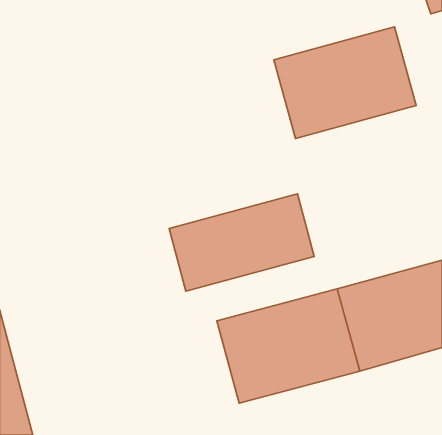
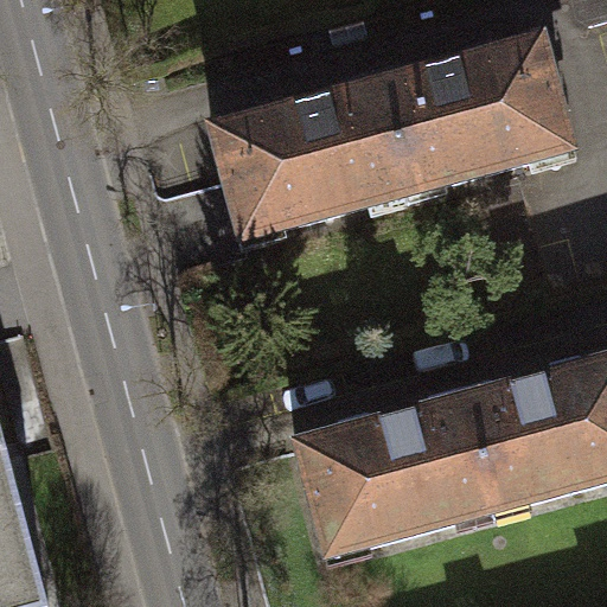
building: none -> [212,82,404,234]
building: [169,194,314,291] -> none

